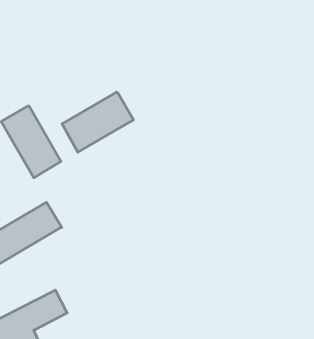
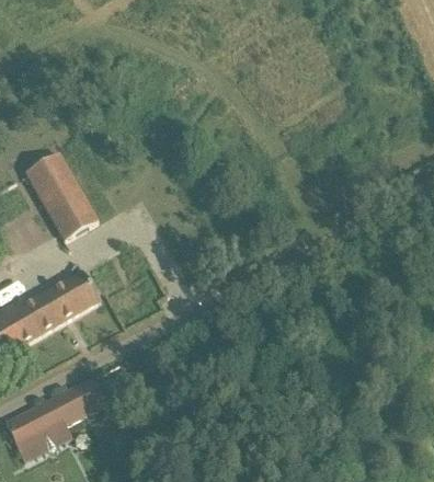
building: [62,92,133,152] -> none

